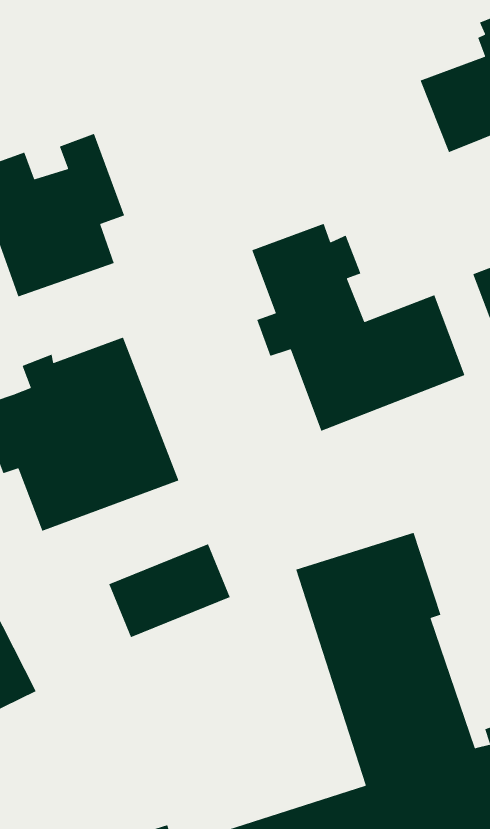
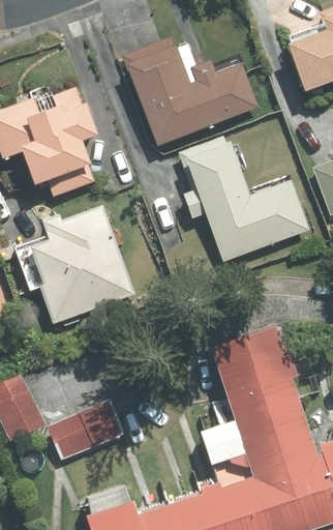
building: none -> [123,36,260,149]
building: [108,543,231,638] -> [48,403,122,461]

